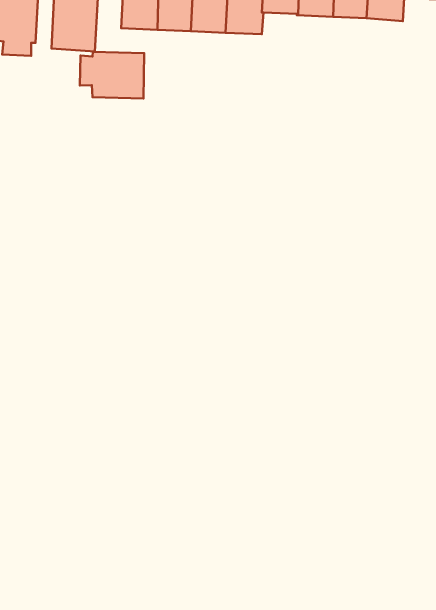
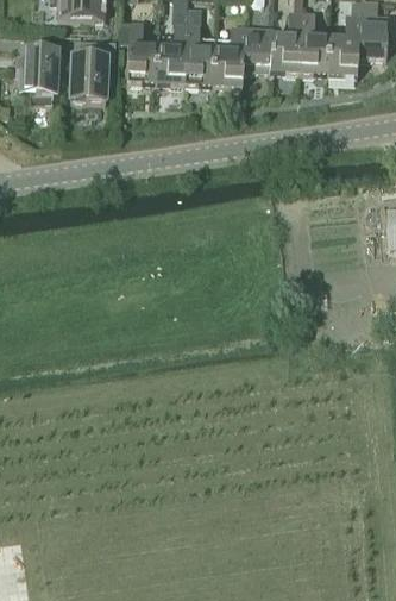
building: [80,52,144,98] -> none

